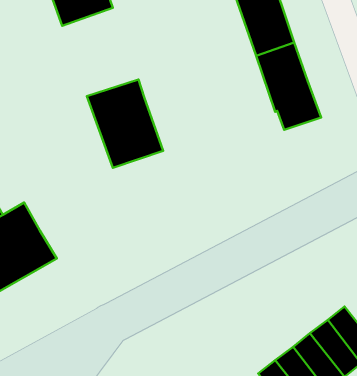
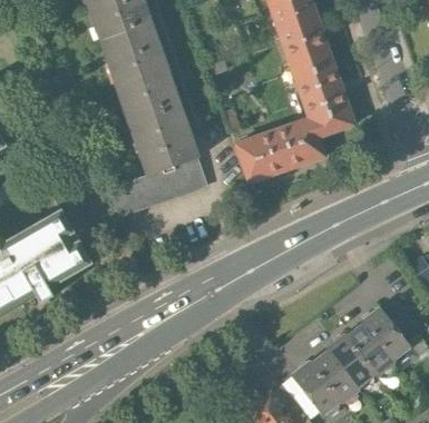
building: none -> [96,12,172,100]
building: none -> [234,115,323,179]
building: none -> [104,155,206,213]

